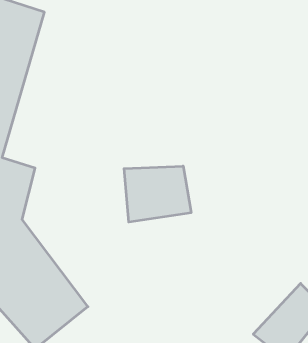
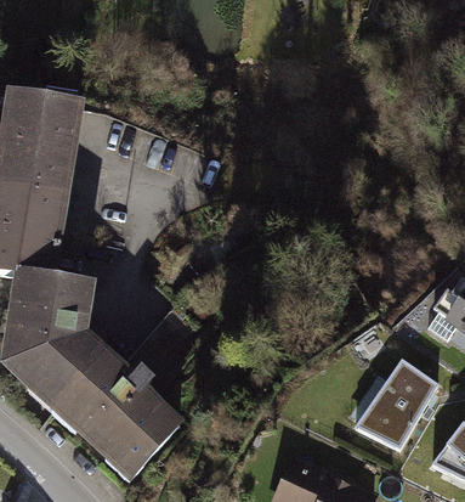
building: [124,166,191,222] -> none

